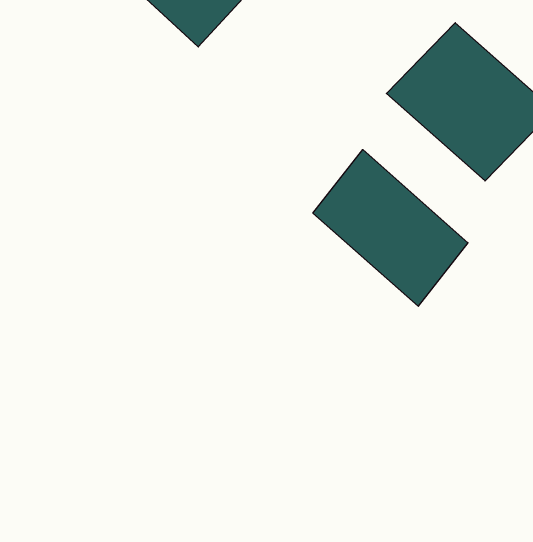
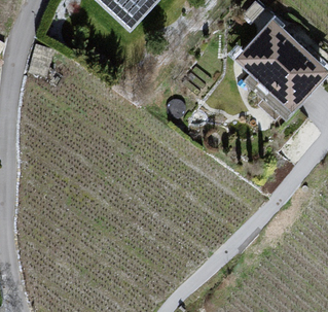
building: [313,150,468,306] -> none

